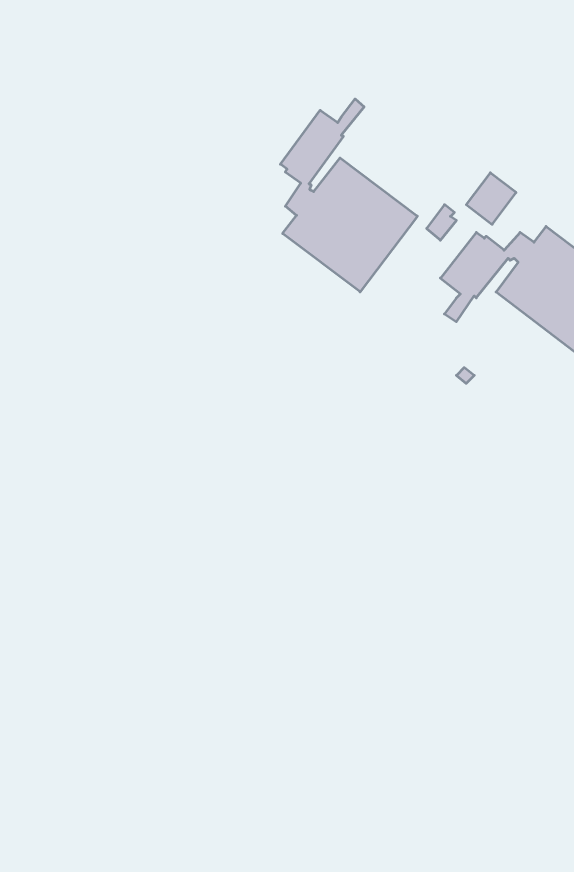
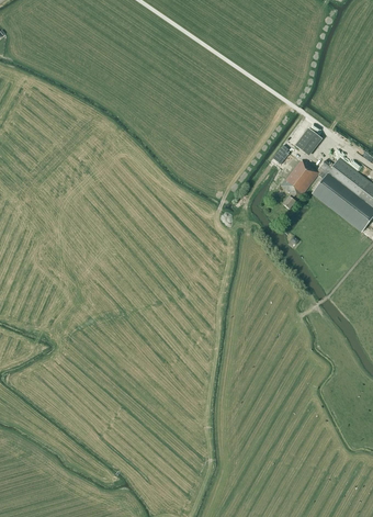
building: [280,99,417,292] -> none

